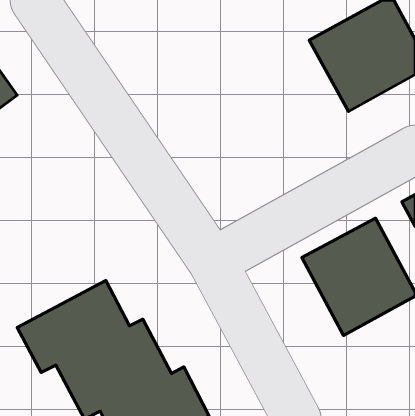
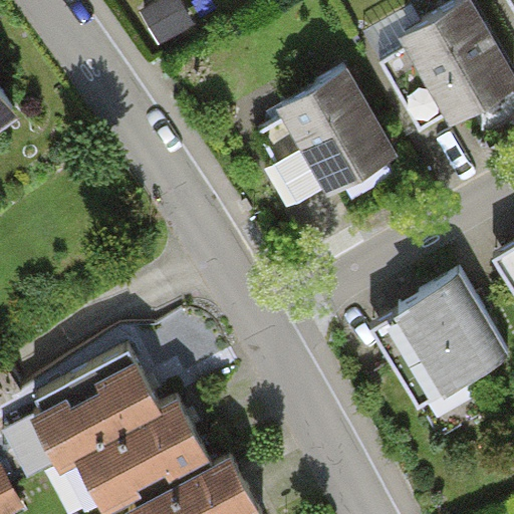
building: none -> [256,66,405,209]

